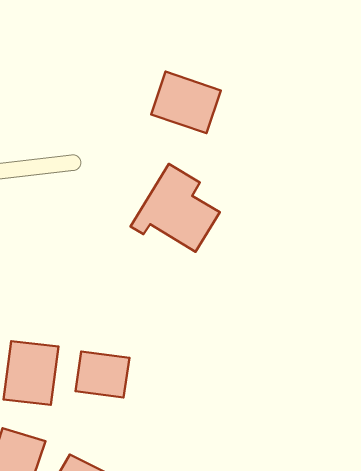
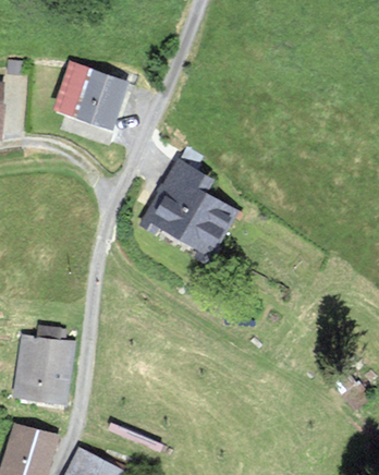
building: [151,72,221,133] -> [58,65,126,126]
building: [75,351,130,398] -> none

